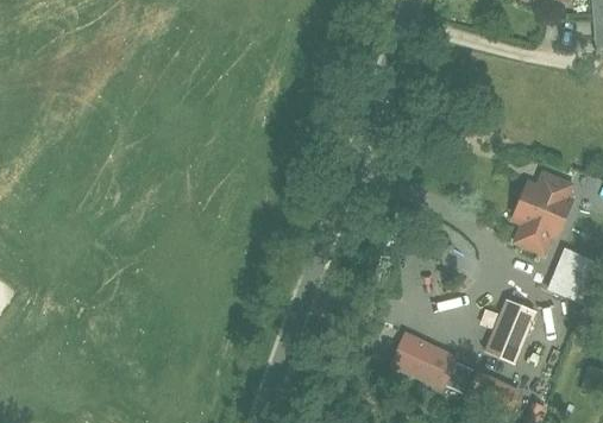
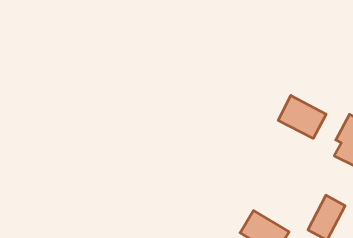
building: none -> [278,95,326,138]

